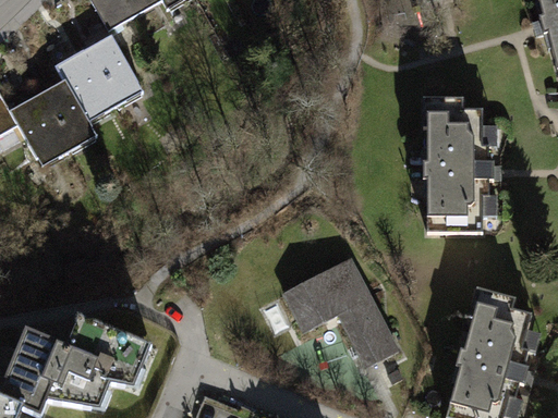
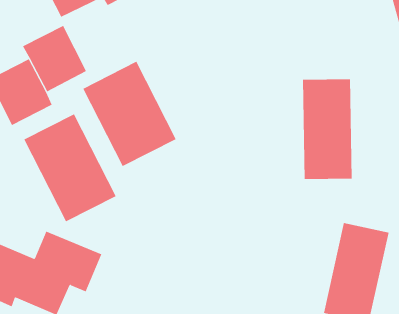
building: none -> [82,61,177,167]
building: none -> [23,113,117,222]
building: [282,257,399,366] -> none

